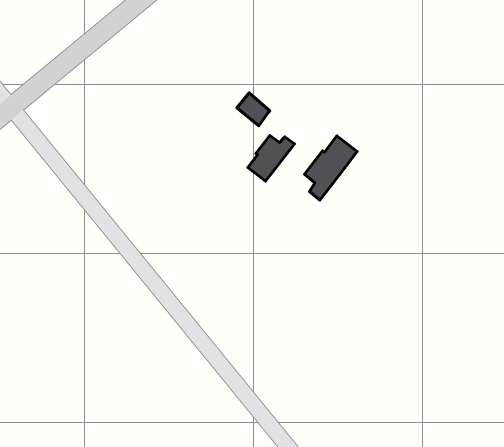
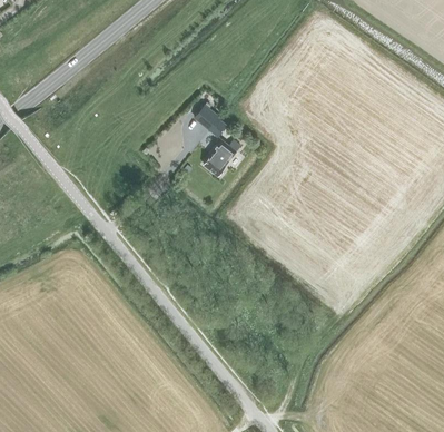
building: [305,136,357,200] -> none

